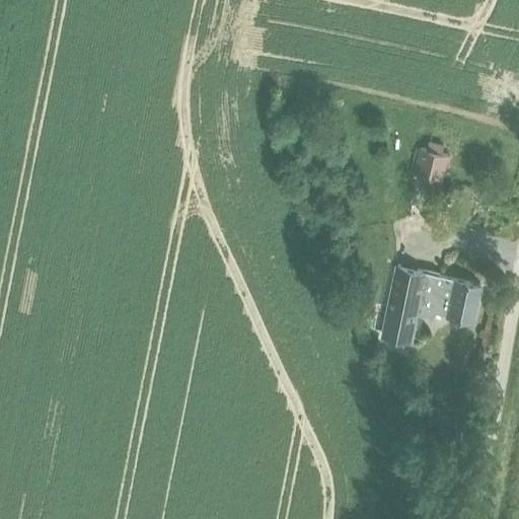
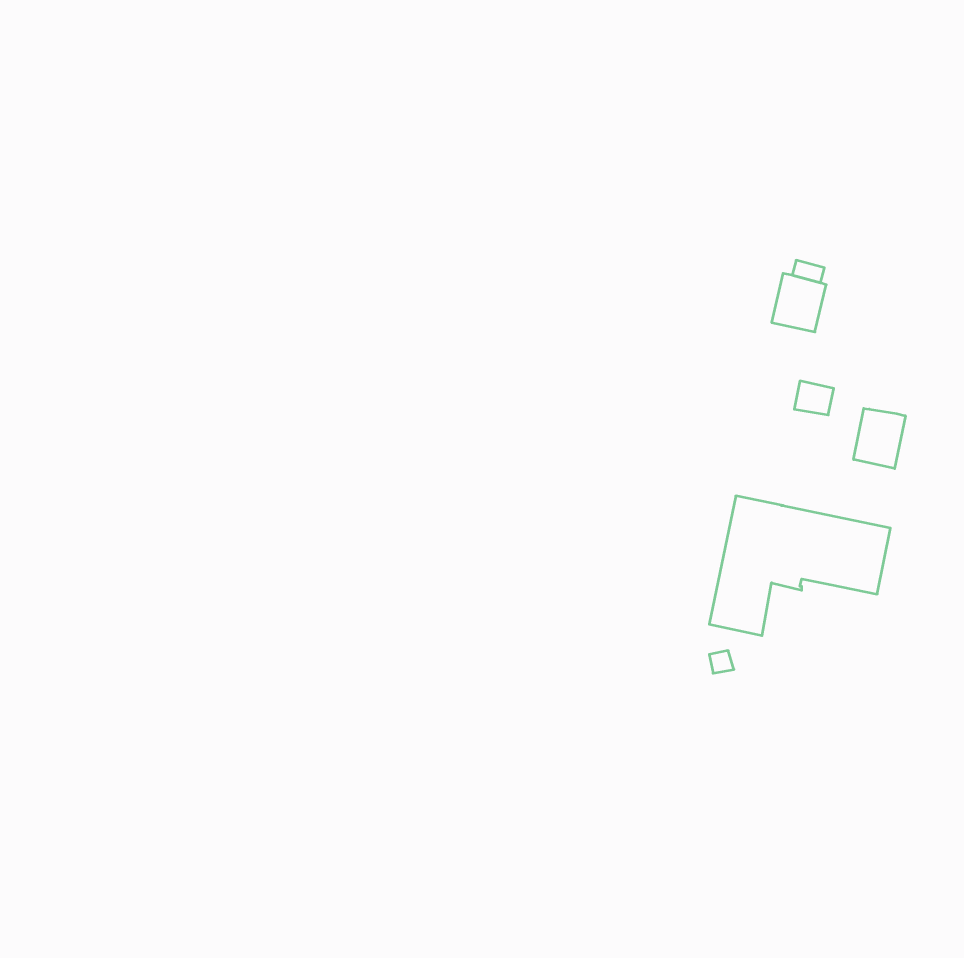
building: none -> [854,408,905,469]

